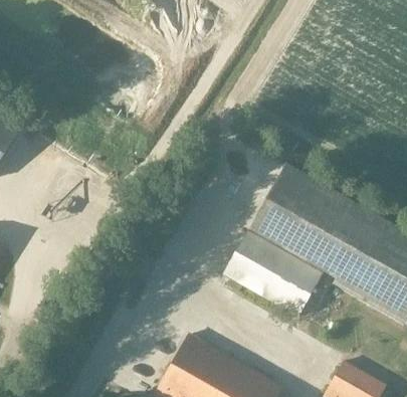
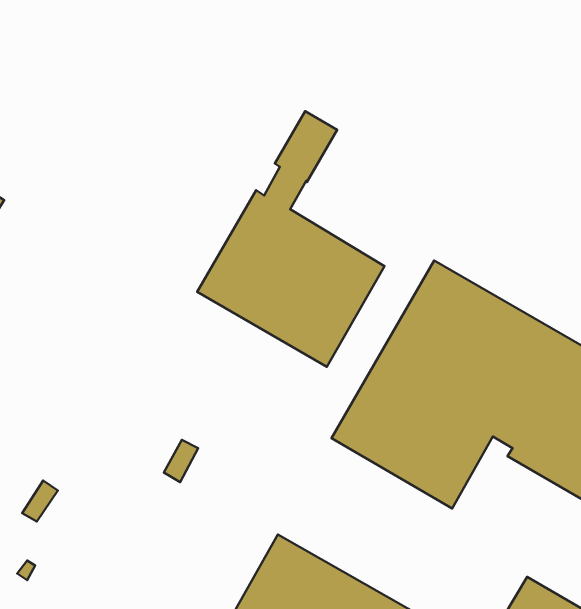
building: none -> [197,111,385,367]

